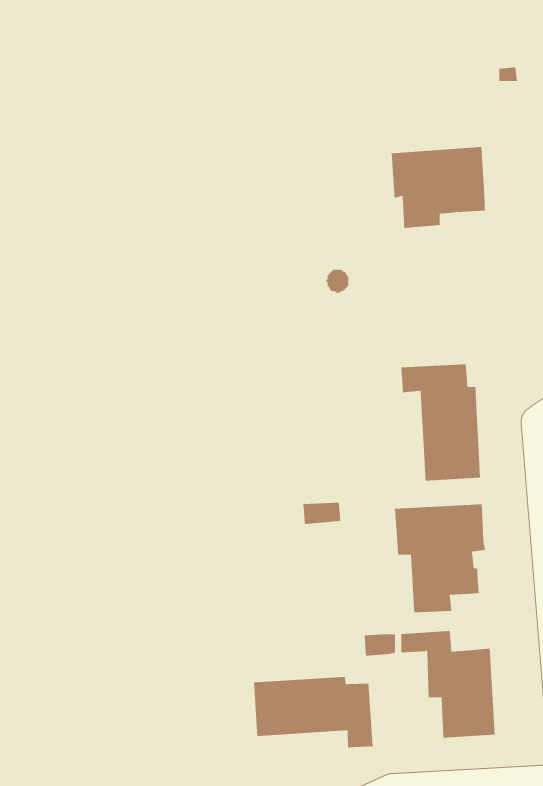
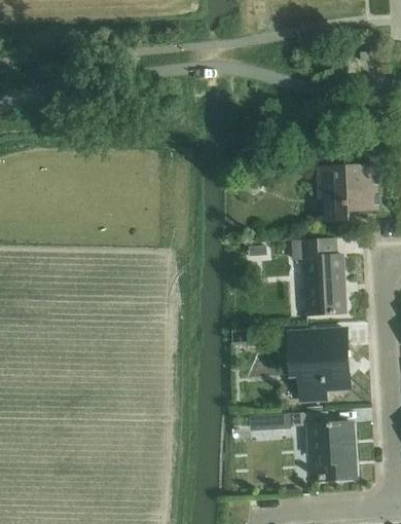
building: [391,147,485,229] -> [318,166,378,219]
building: [253,676,373,748] -> none

